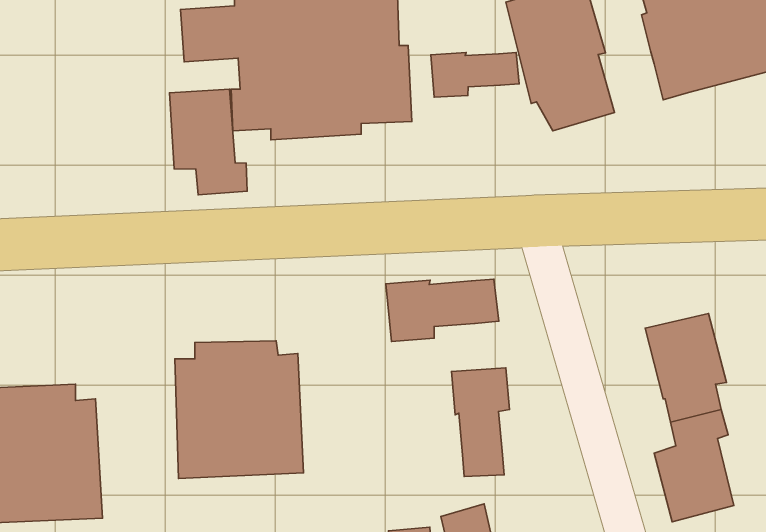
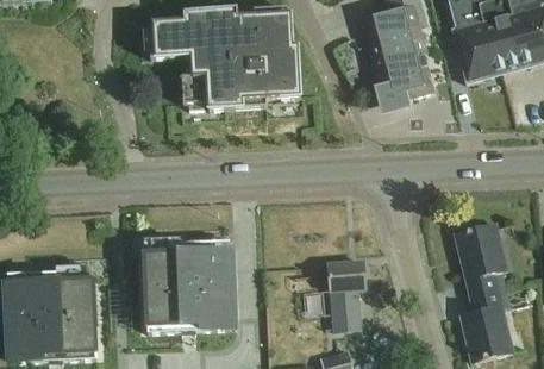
building: [431,53,519,97] -> none
building: [170,89,247,195] -> none
building: [386,279,499,342] -> none

